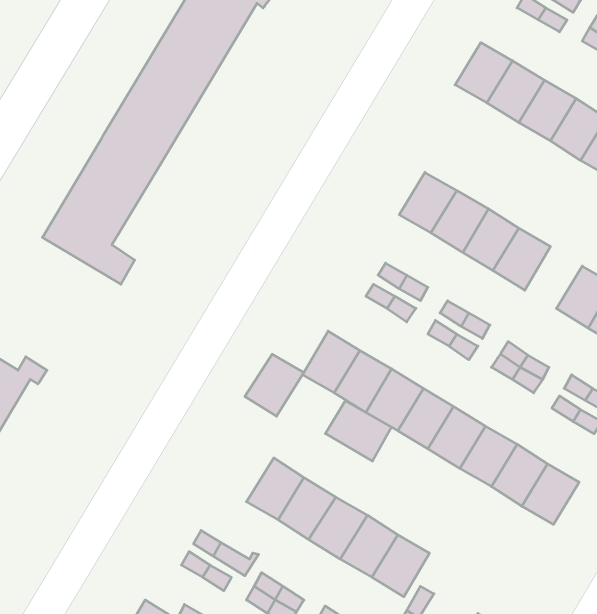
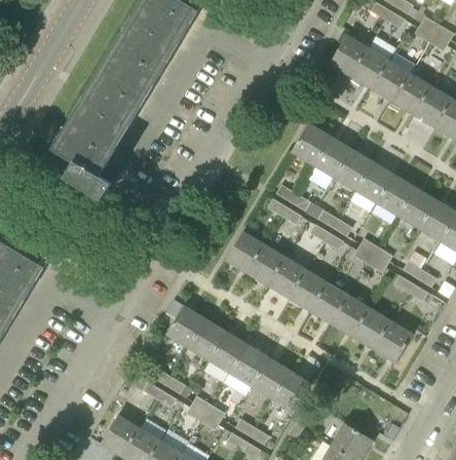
building: none -> [376,174,415,216]
building: [245,354,304,416] -> [165,305,205,347]
building: [325,401,391,461] -> none

